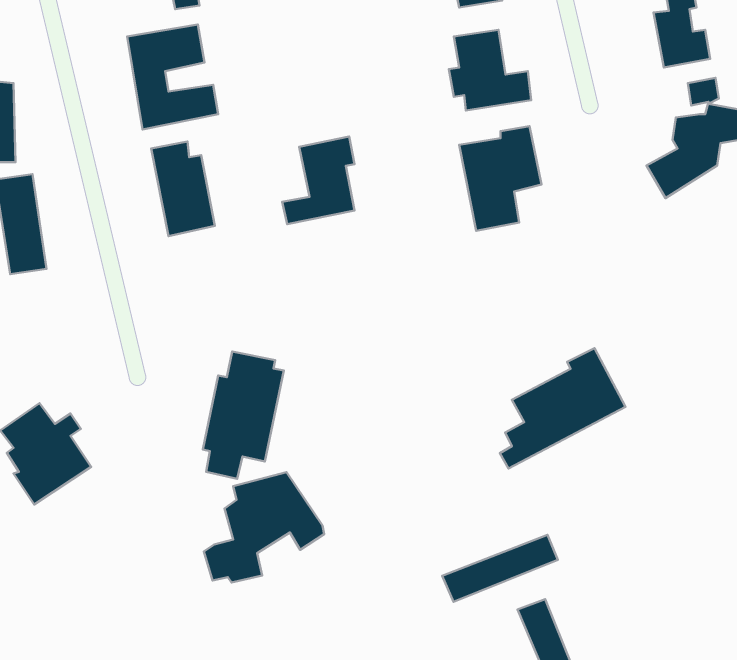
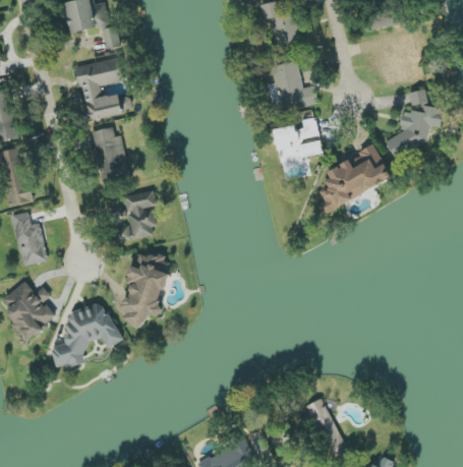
building: [282,137,354,224] -> [113,189,156,241]
building: none -> [10,211,48,266]
building: [500,348,625,469] -> [317,142,392,214]
building: [204,472,324,582] -> [51,302,122,367]
building: [442,535,558,602] -> none

